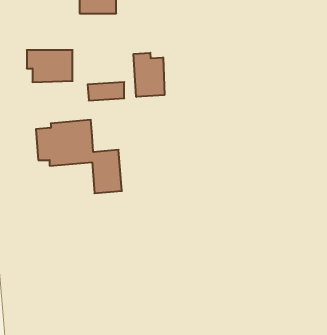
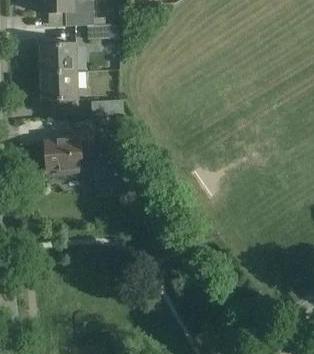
building: none -> [36,43,77,72]
building: [134,53,164,97] -> none

